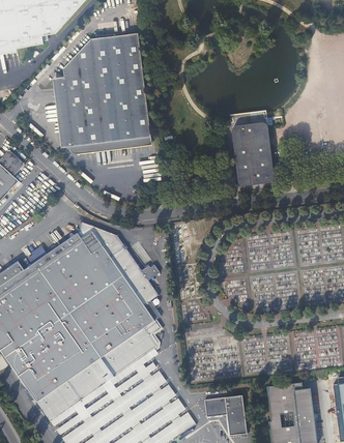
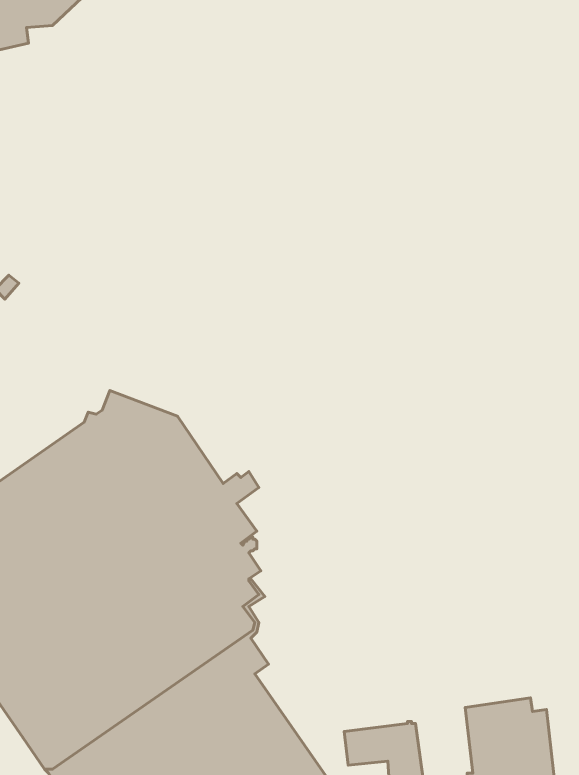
building: [54,33,149,153] -> none
building: [229,110,274,185] -> none

